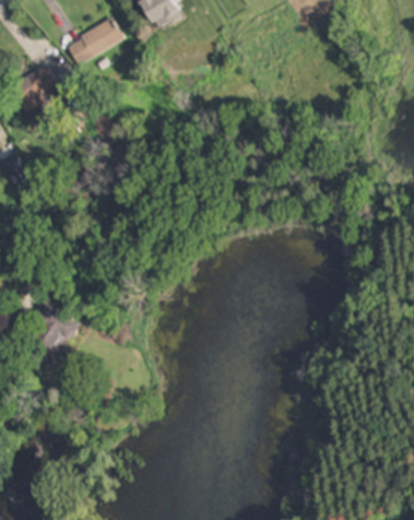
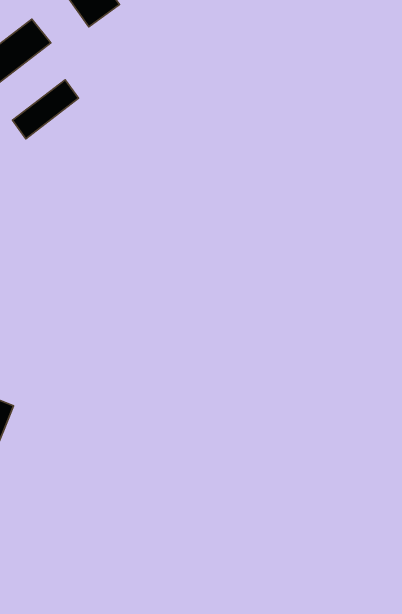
building: none -> [12,80,79,139]

